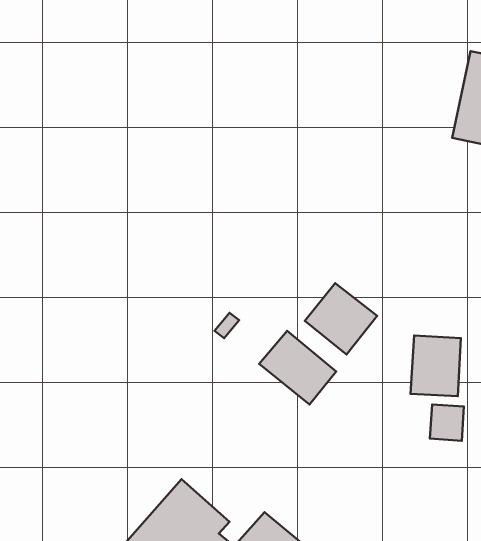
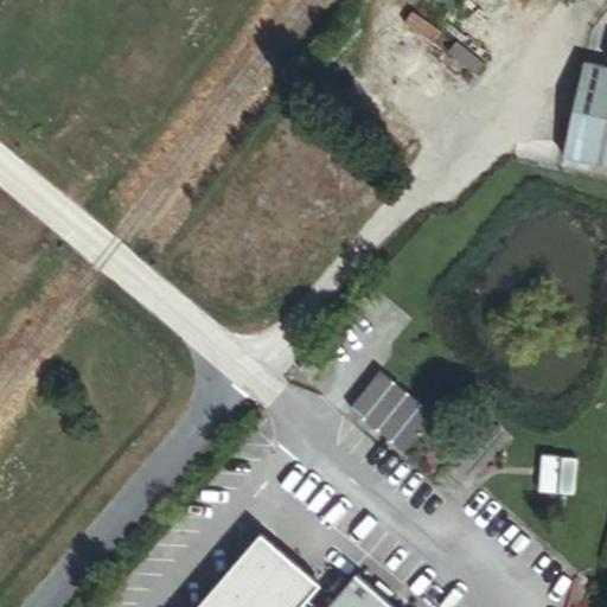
building: [305,283,377,355] -> none
building: [411,335,461,396] -> none

